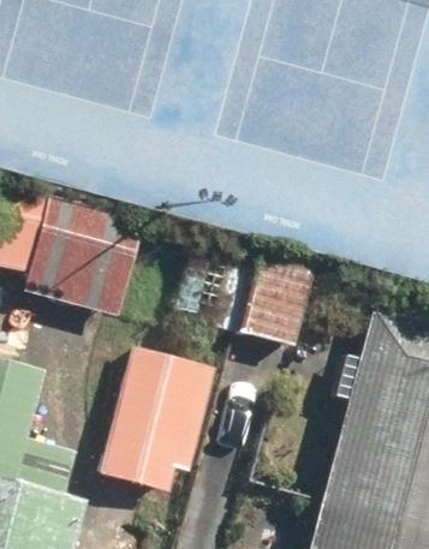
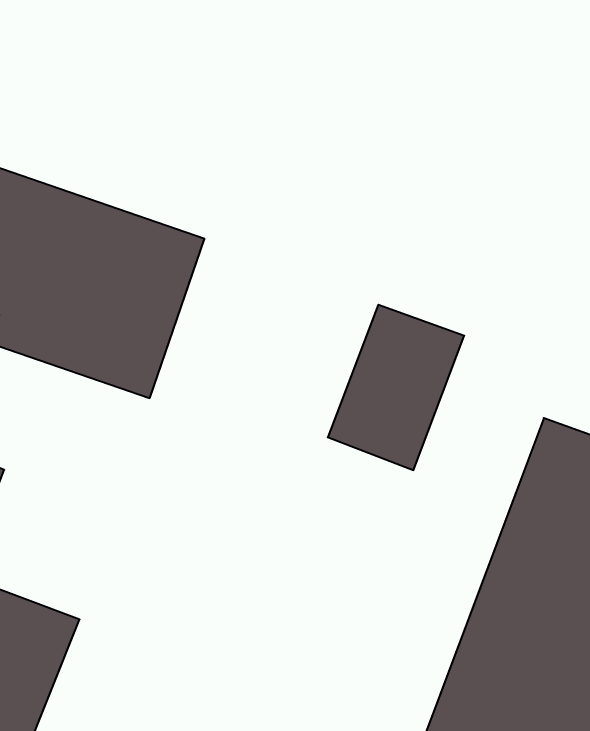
building: [96,347,218,500] -> none

